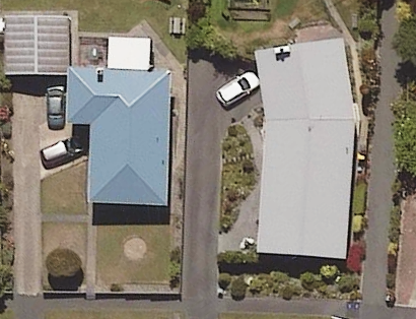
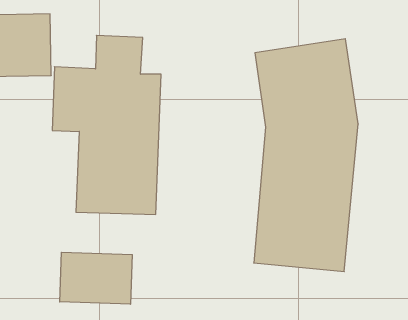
building: none -> [60,252,132,304]

